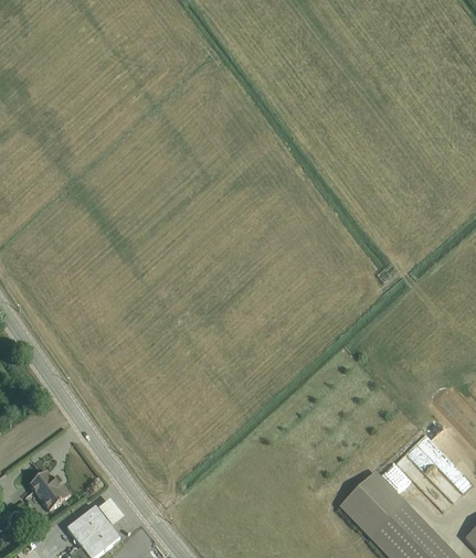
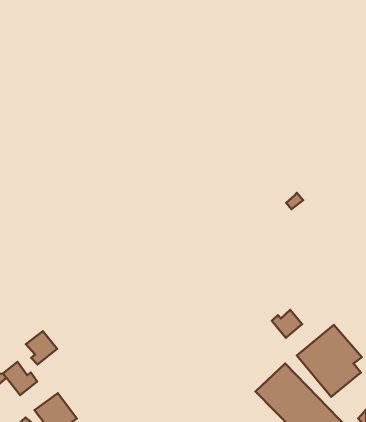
building: none -> [272,310,302,338]
building: none -> [26,331,57,365]

